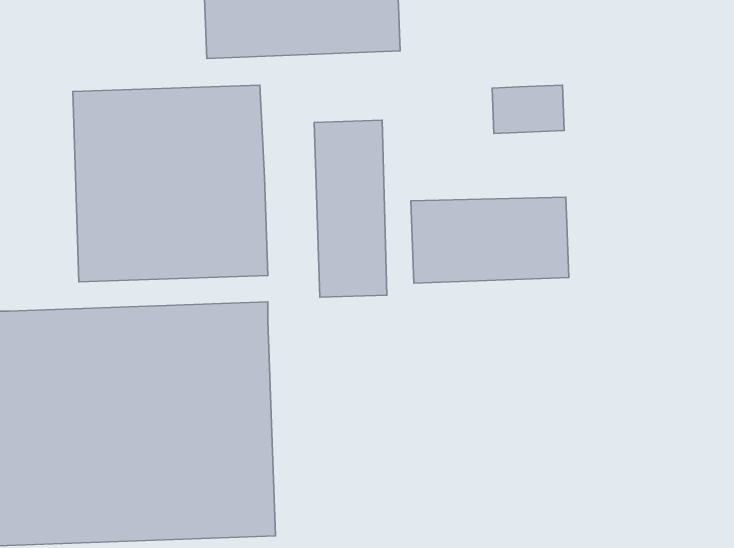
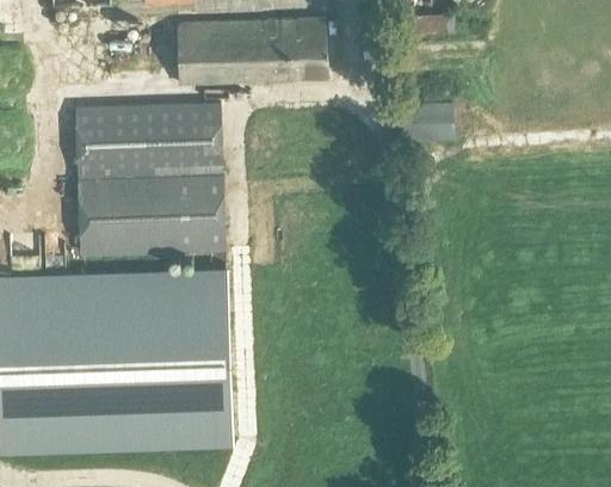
building: [314,120,387,297] -> none
building: [411,197,569,283] -> none

